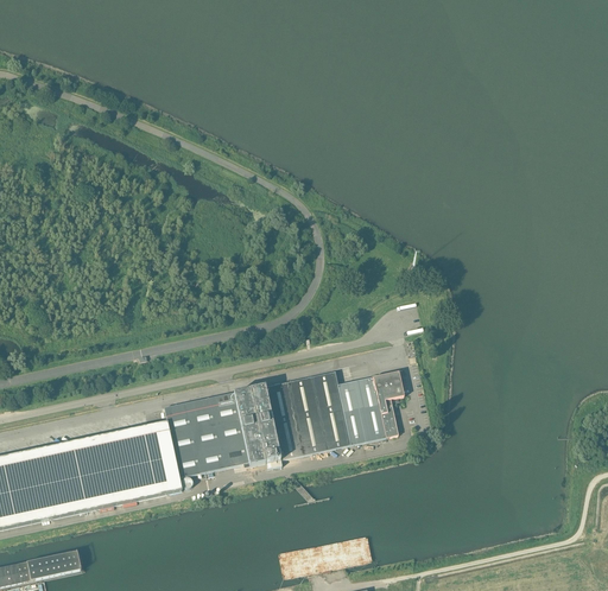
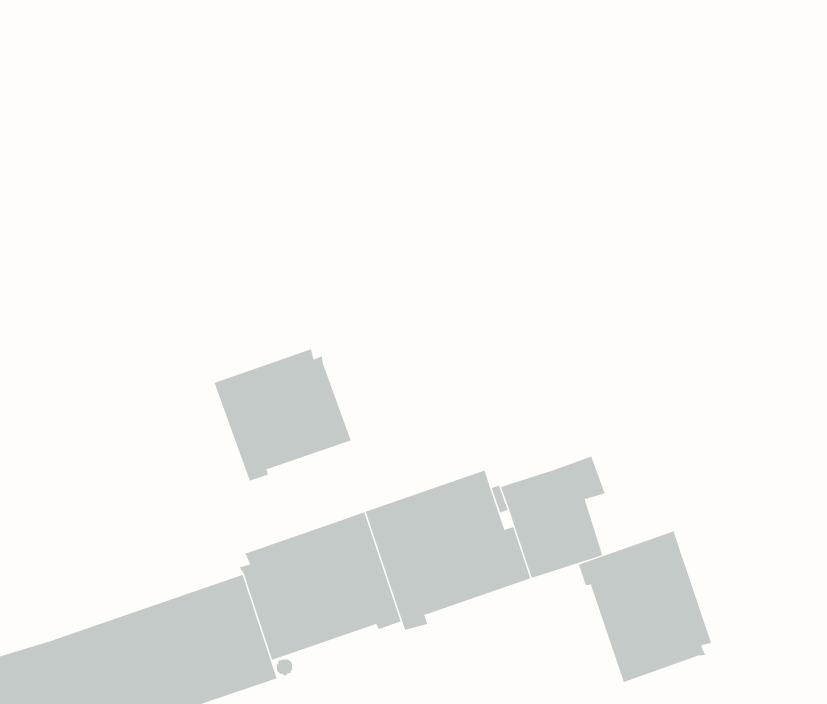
building: none -> [214,349,351,482]
building: none -> [578,531,712,683]

